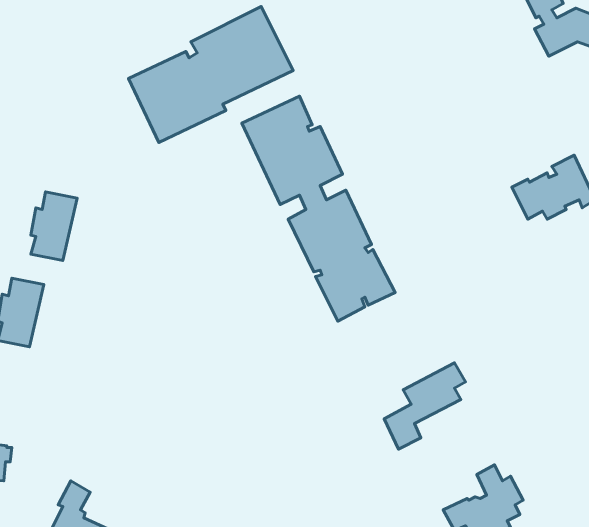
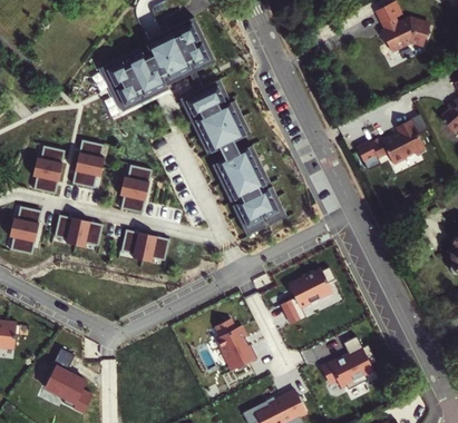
building: none -> [71,139,104,188]
building: none -> [118,165,150,213]
building: none -> [53,215,103,247]
building: none -> [120,229,169,262]
building: none -> [206,316,257,374]

